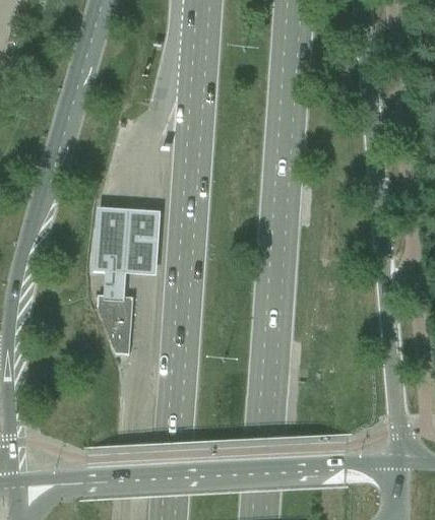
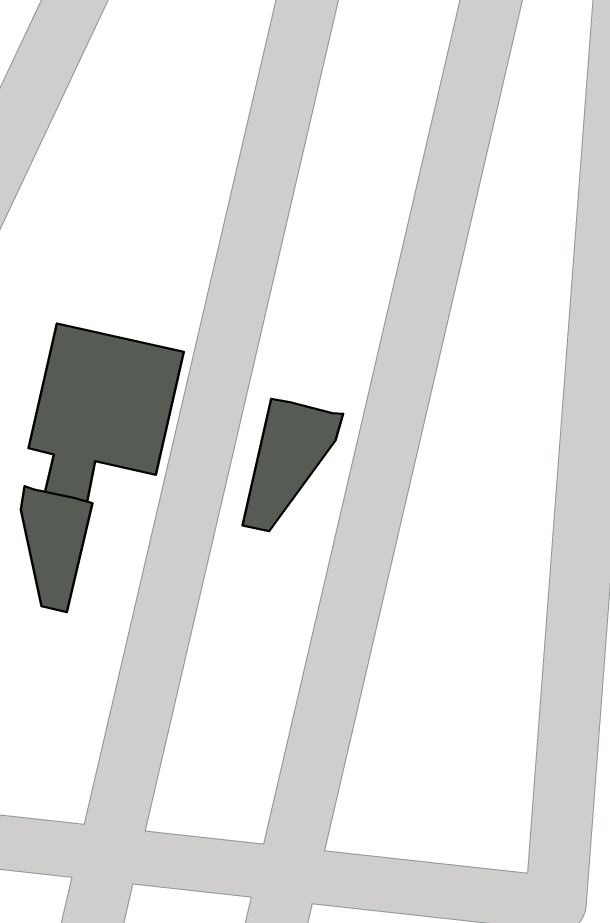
building: none -> [242,399,343,531]

